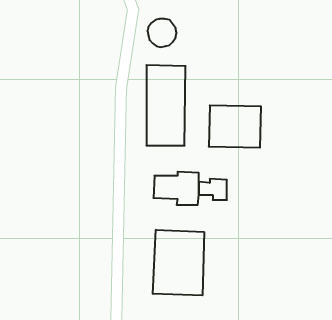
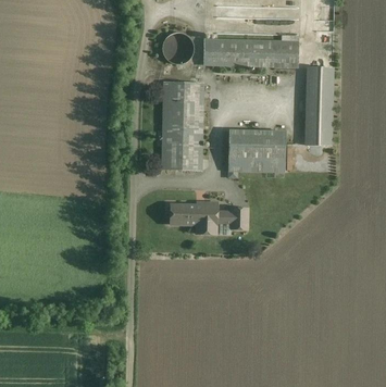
building: none -> [204,30,297,66]
building: none -> [304,66,333,146]
building: [153,230,204,295] -> none

